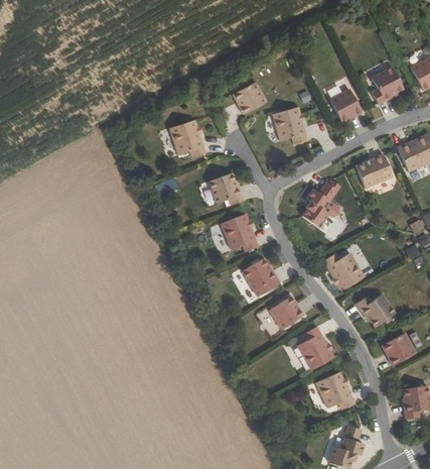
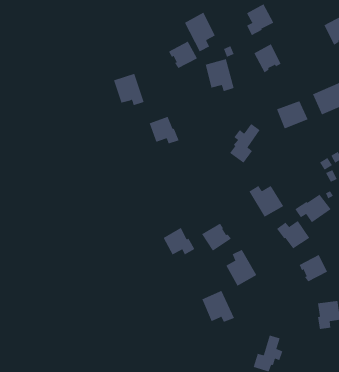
building: none -> [184,12,216,52]
building: [372,67,404,104] -> [246,4,274,36]
building: [221,213,258,251] -> none
building: [243,257,280,289] -> [163,227,195,255]
building: none -> [295,194,332,223]
building: [316,371,354,408] -> [202,290,235,323]

